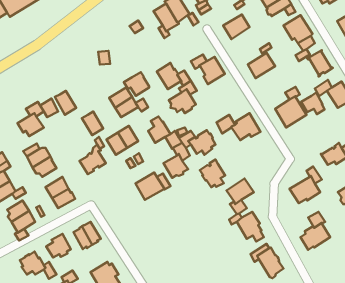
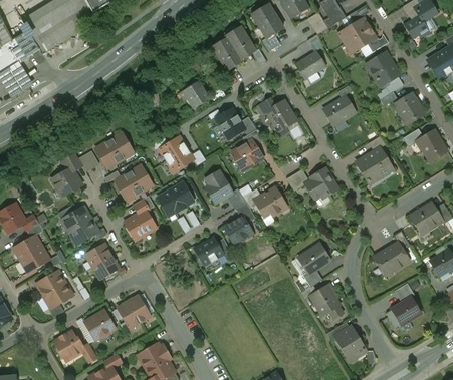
building: [124,72,149,96] -> [179,80,209,108]
building: none -> [108,132,134,160]
building: [301,93,325,114] -> none
building: none -> [115,172,140,201]
building: [200,159,225,187] -> none

